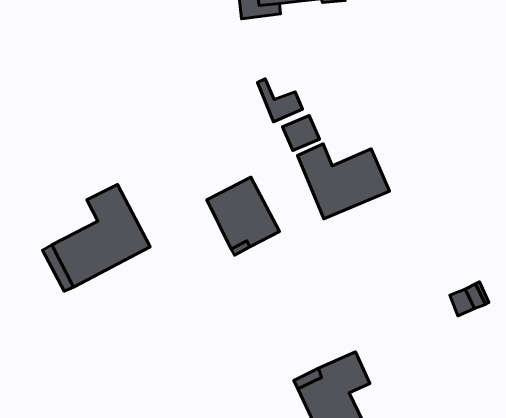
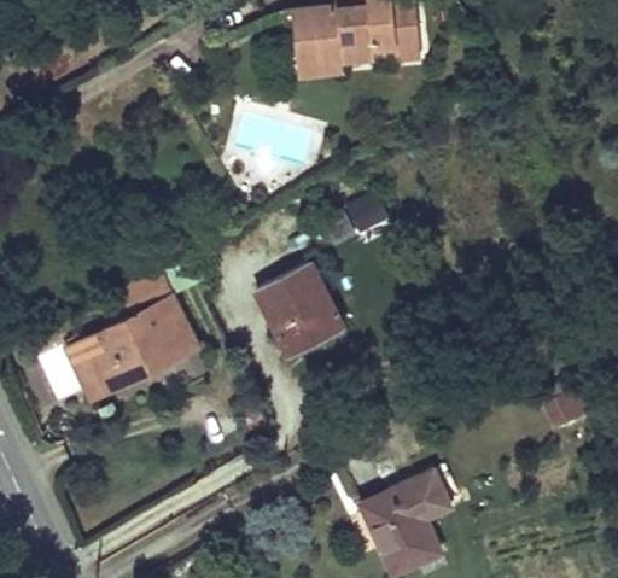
building: [257,79,303,122] -> none
building: [297,144,389,219] -> none

